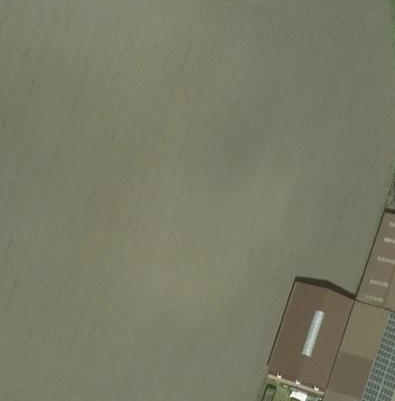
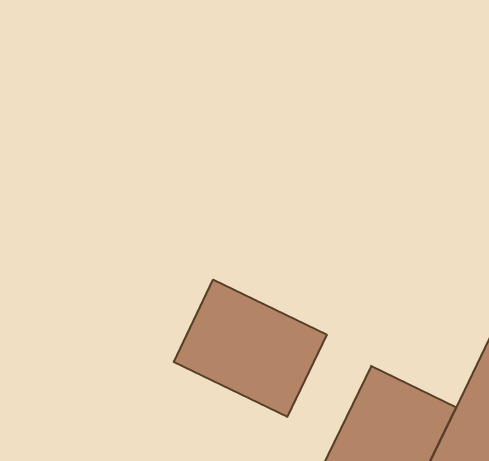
building: none -> [174,280,327,417]

